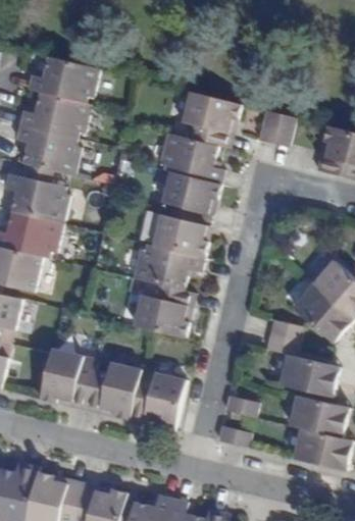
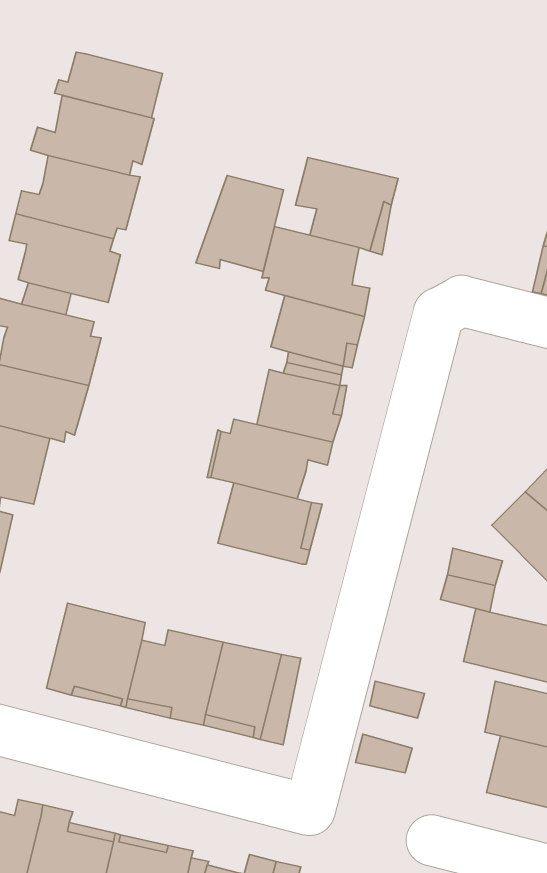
building: none -> [55,52,163,118]
building: none -> [196,176,284,272]
building: [253,109,293,146] -> none

